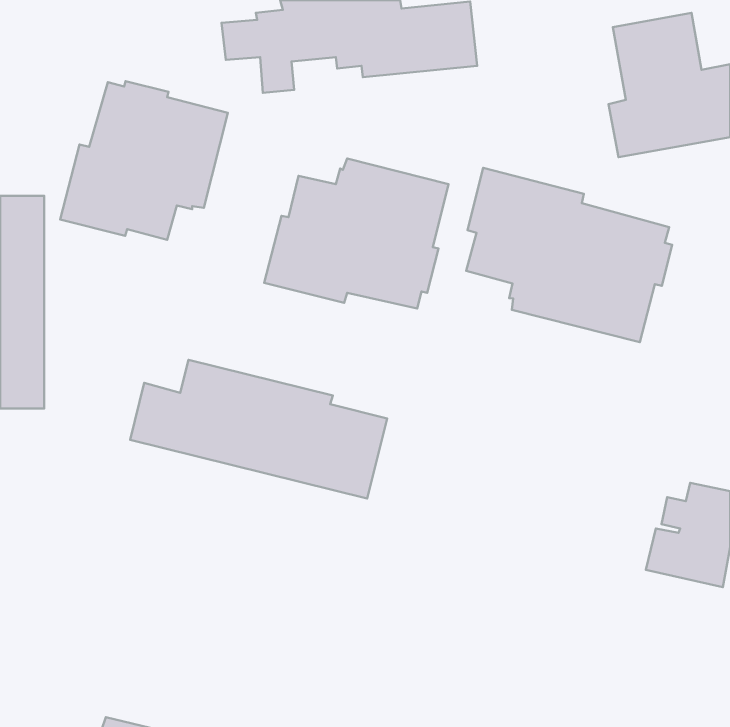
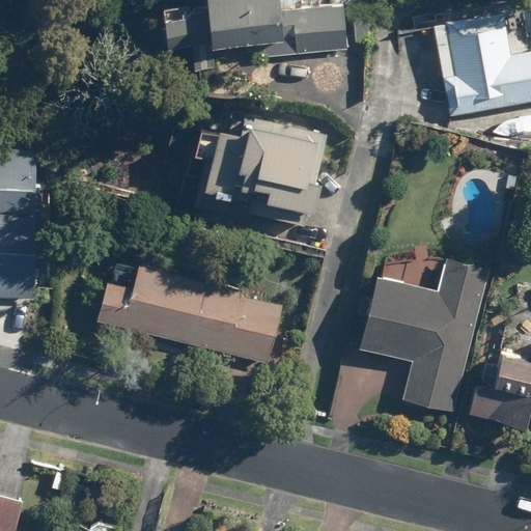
building: [60,81,228,240] -> none
building: [466,168,672,342] -> none
building: none -> [356,258,488,414]

